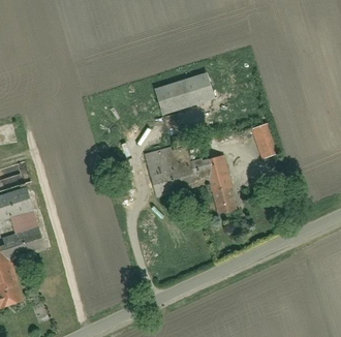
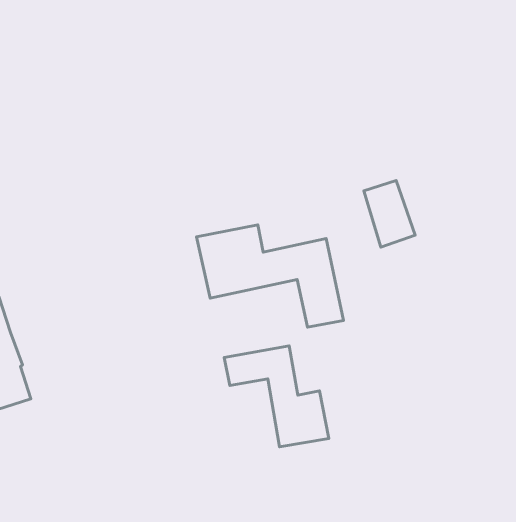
building: [152,74,215,116] -> none
building: none -> [224,346,329,447]

